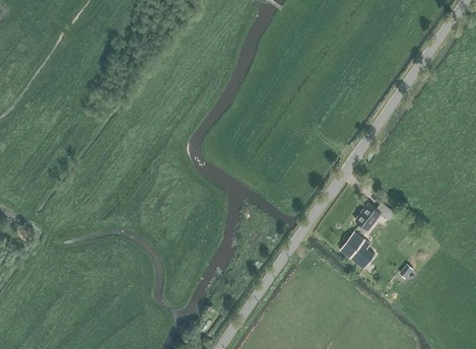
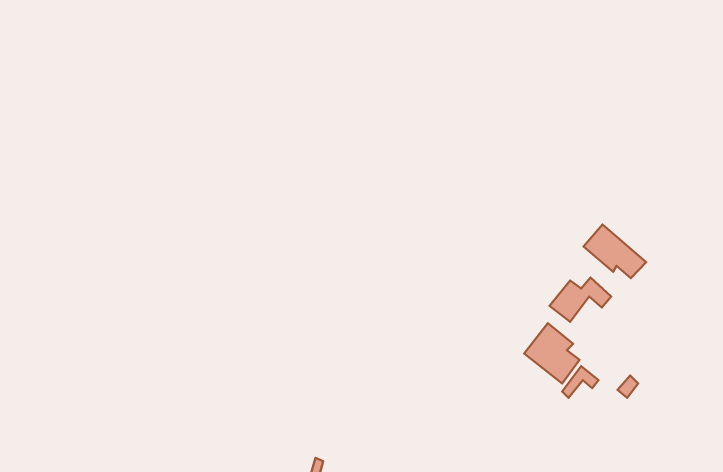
building: none -> [583,225,646,278]

